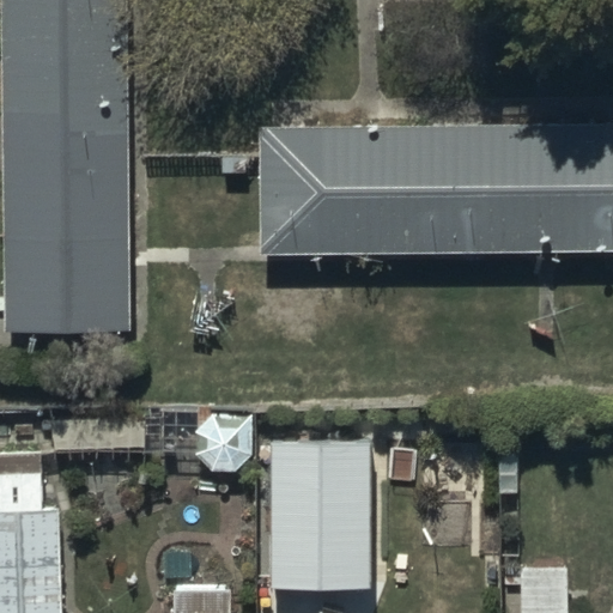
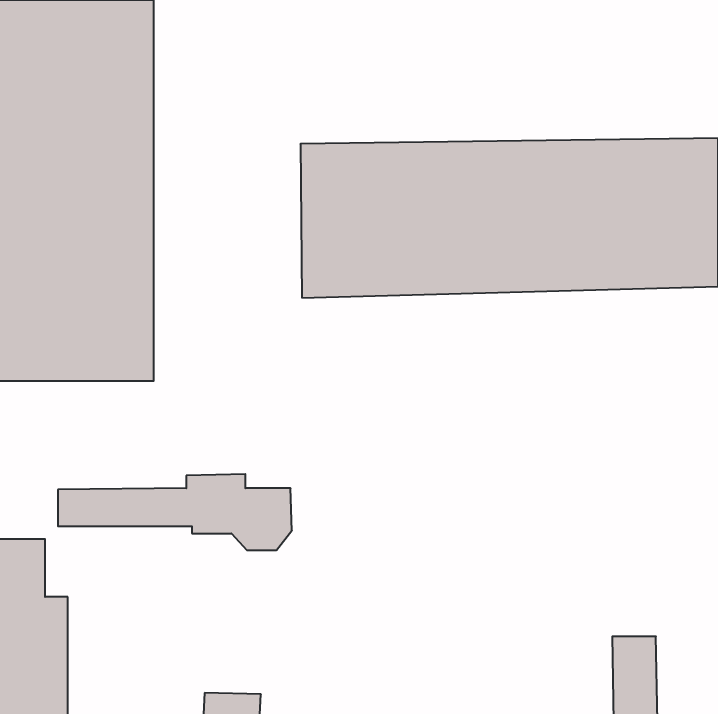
building: [269,447,389,591] -> none

